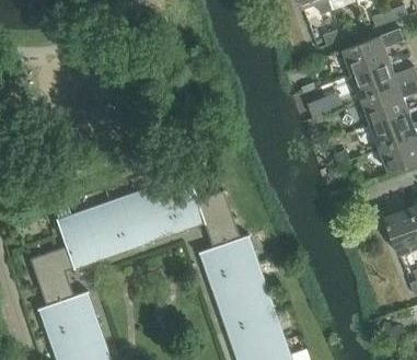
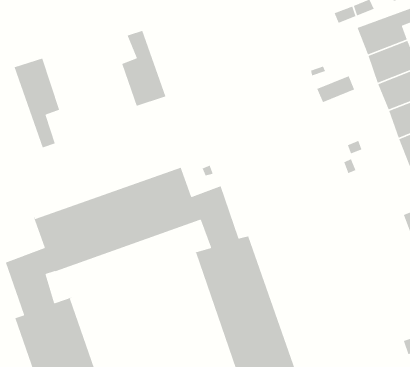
building: none -> [121,30,166,107]
building: none -> [13,57,60,149]

